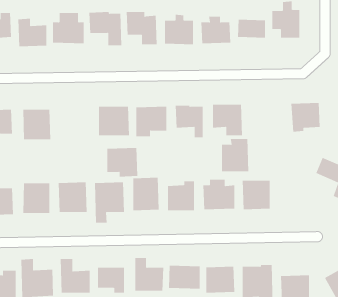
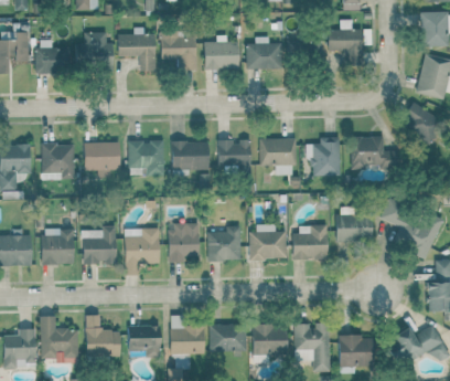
building: [221,138,249,172] -> [310,137,342,176]
building: [107,147,138,177] -> [84,141,120,176]
building: none -> [336,214,373,241]

